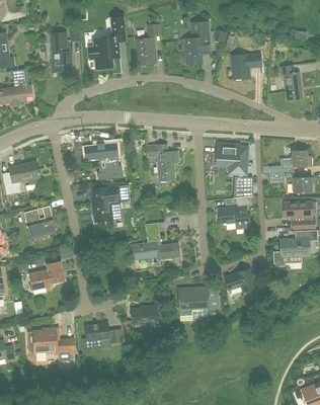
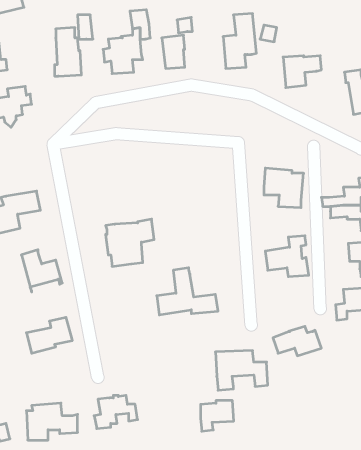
building: [85,142,124,178] -> none
building: [146,144,178,180] -> none
building: [132,306,158,330] -> [201,401,234,431]

